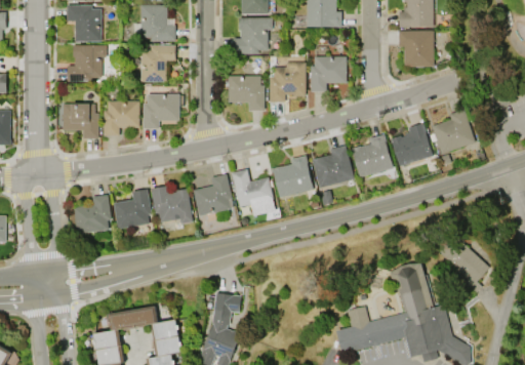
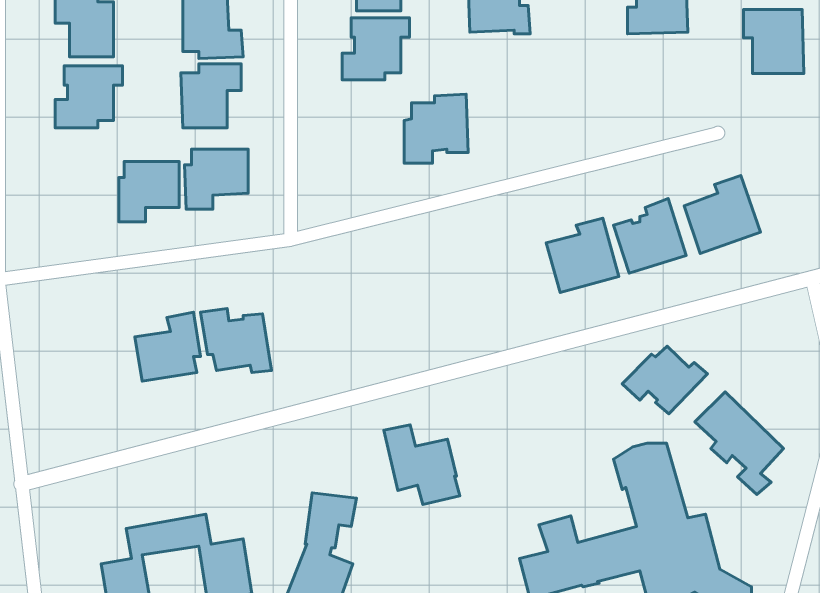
building: [398,31,433,68] -> [744,10,804,73]
building: [310,57,346,91] -> none
building: [228,76,264,111] -> none
building: [63,105,98,139] -> none
building: [312,146,354,189] -> none
building: [273,156,313,197] -> none
building: [231,169,275,215] -> [384,425,460,505]
building: [193,174,232,215] -> none
building: [73,195,110,234] -> none
building: none -> [622,346,708,414]

